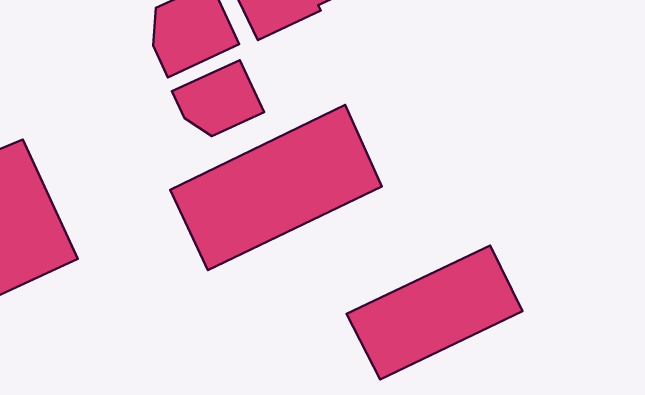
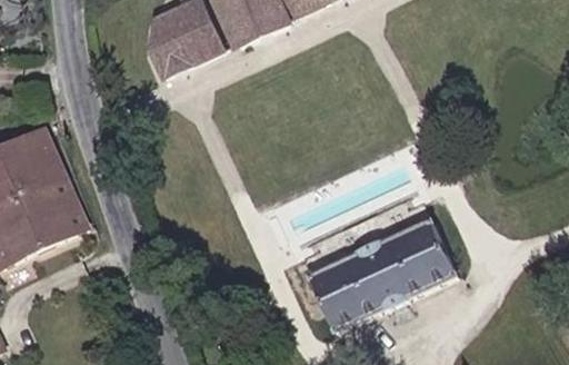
building: [172,60,264,136] -> none
building: [170,105,382,270] -> none

